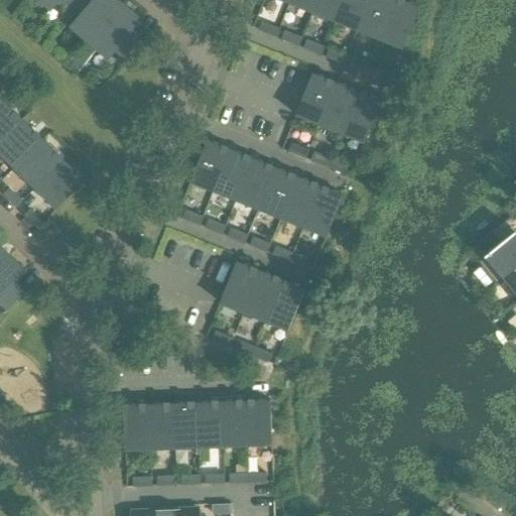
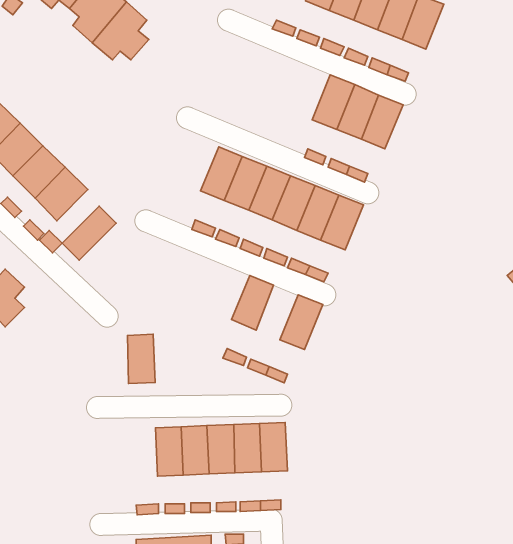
building: none -> [62,206,116,260]
building: [243,270,282,321] -> none
building: [124,404,150,450] -> [127,334,155,384]

